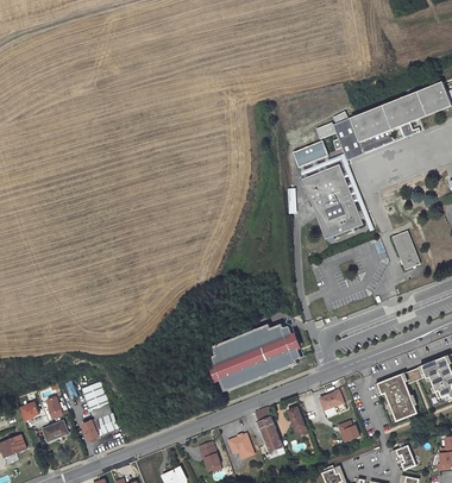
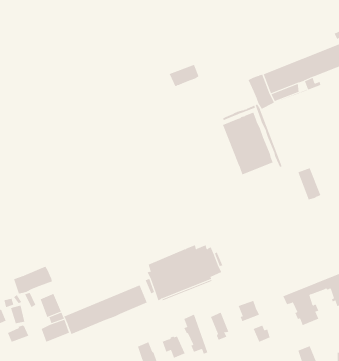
building: [290,140,327,168] -> [169,64,200,87]
building: none -> [13,266,52,295]
building: none -> [64,284,148,335]

